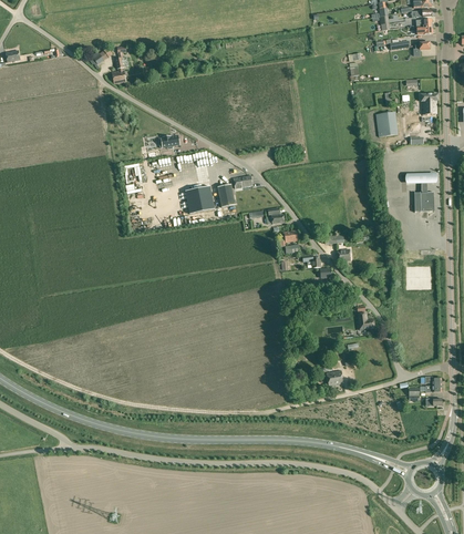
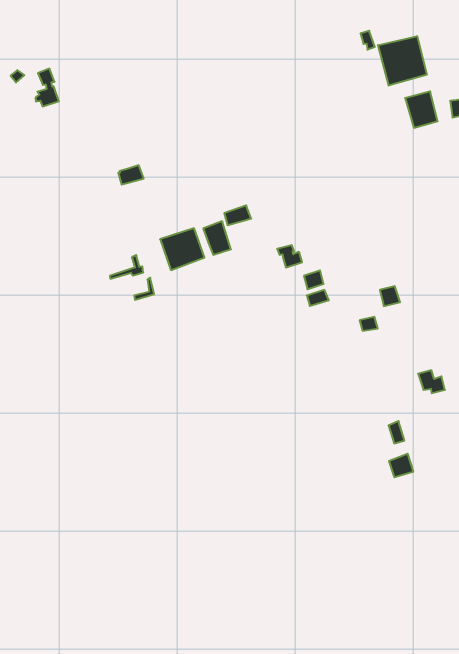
building: none -> [378,36,427,86]

